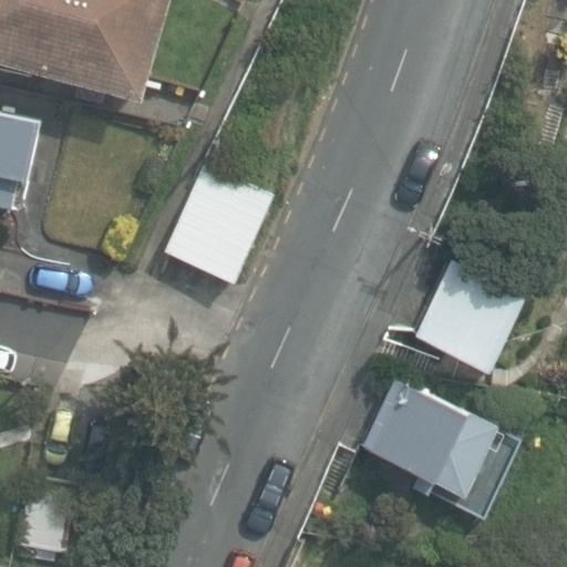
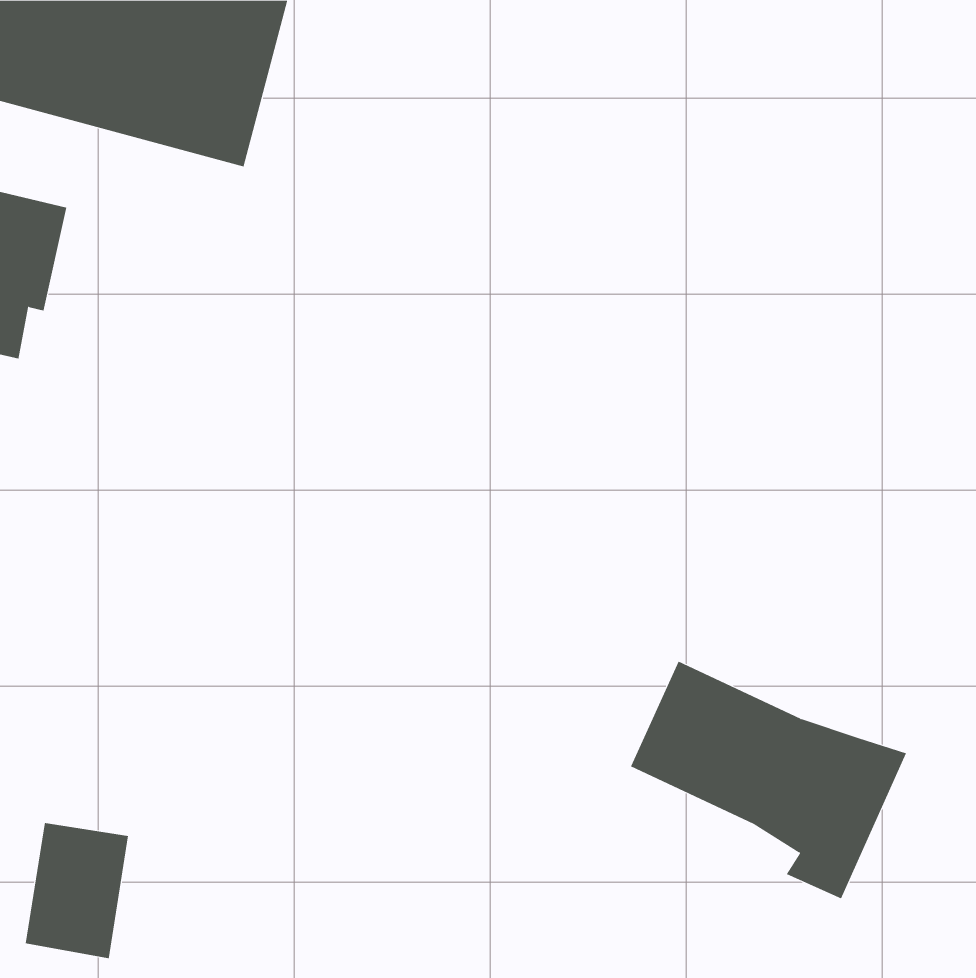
building: [164,163,272,282] -> none
building: [414,259,525,370] -> none

